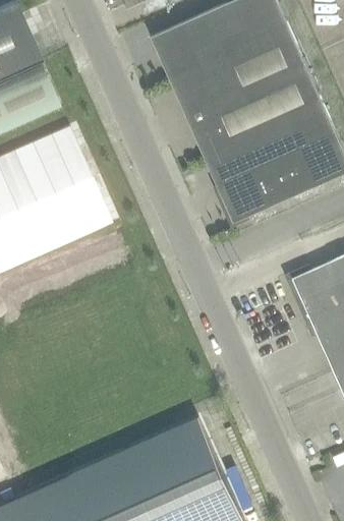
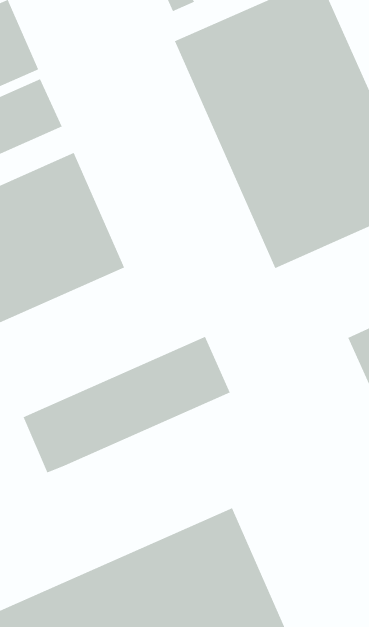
building: none -> [22,336,231,473]

